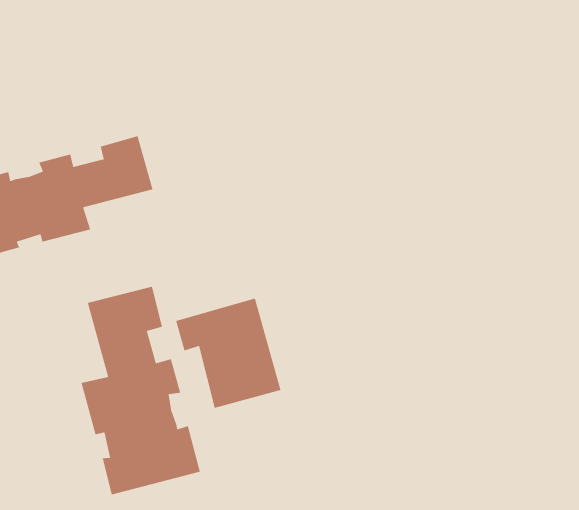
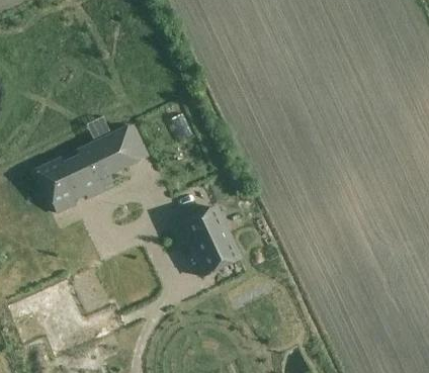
building: [80,286,201,496] -> none

